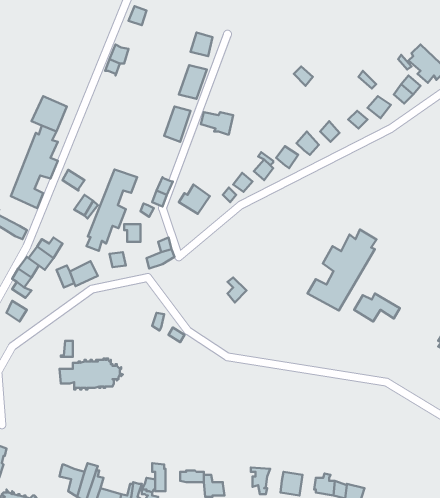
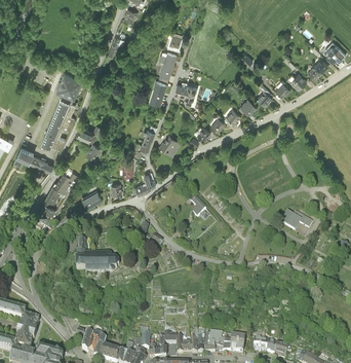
building: [87,170,137,251] -> none
building: [307,230,377,311] -> none

